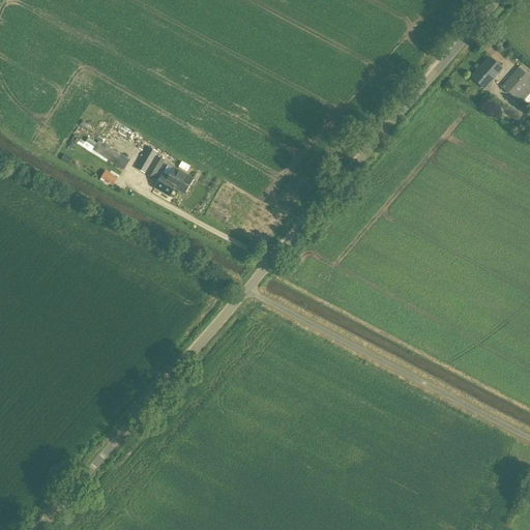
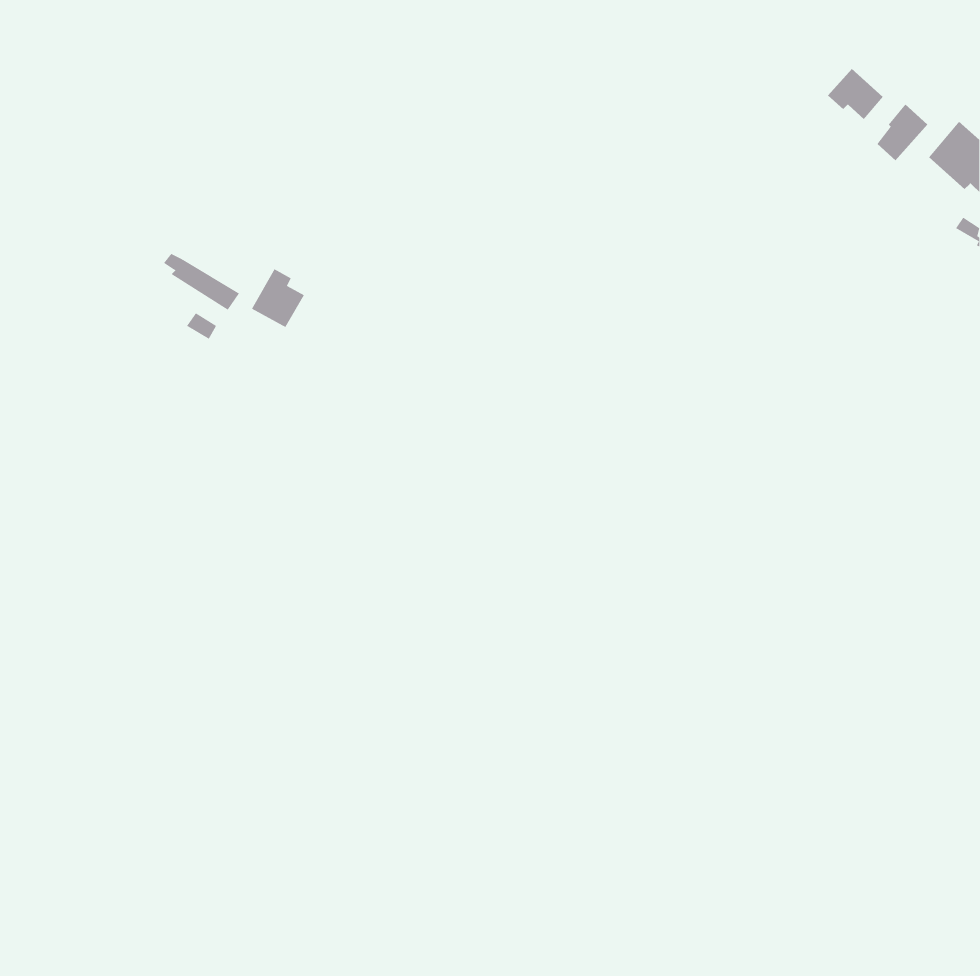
building: none -> [827,68,883,120]
building: [154,167,193,196] -> none

